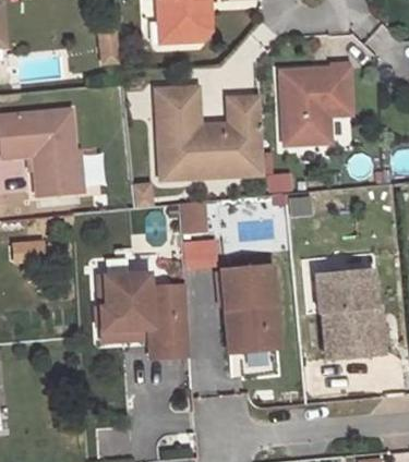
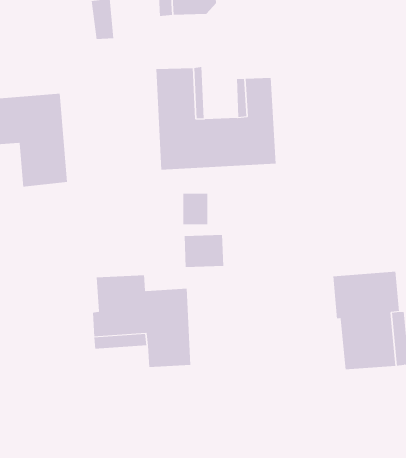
building: [280,64,351,144] -> none
building: [220,265,277,351] -> none

